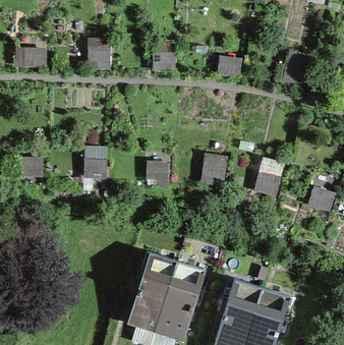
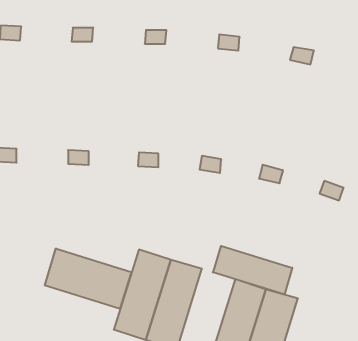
building: none -> [213,246,292,295]
building: none -> [45,248,132,309]

